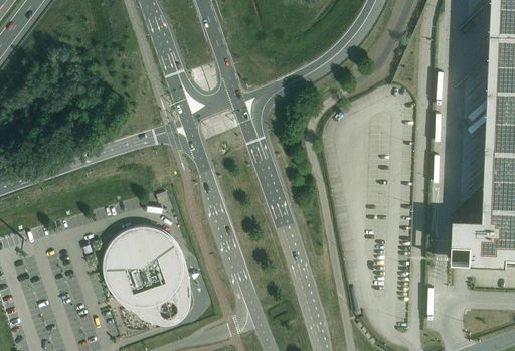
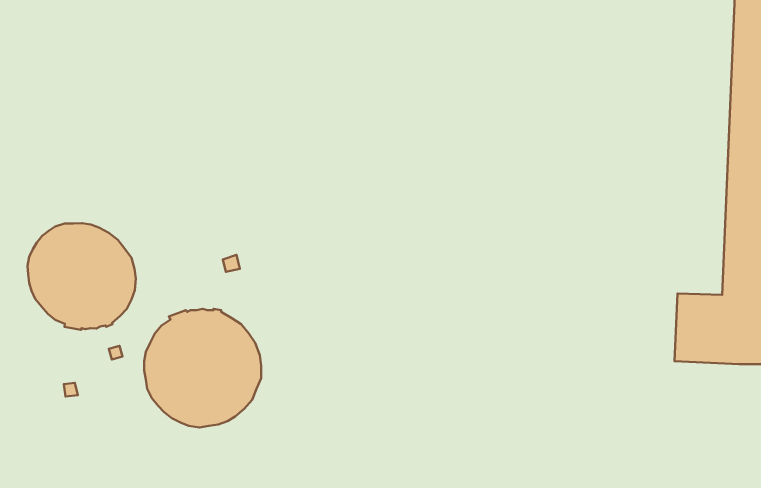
building: none -> [27,223,136,330]

